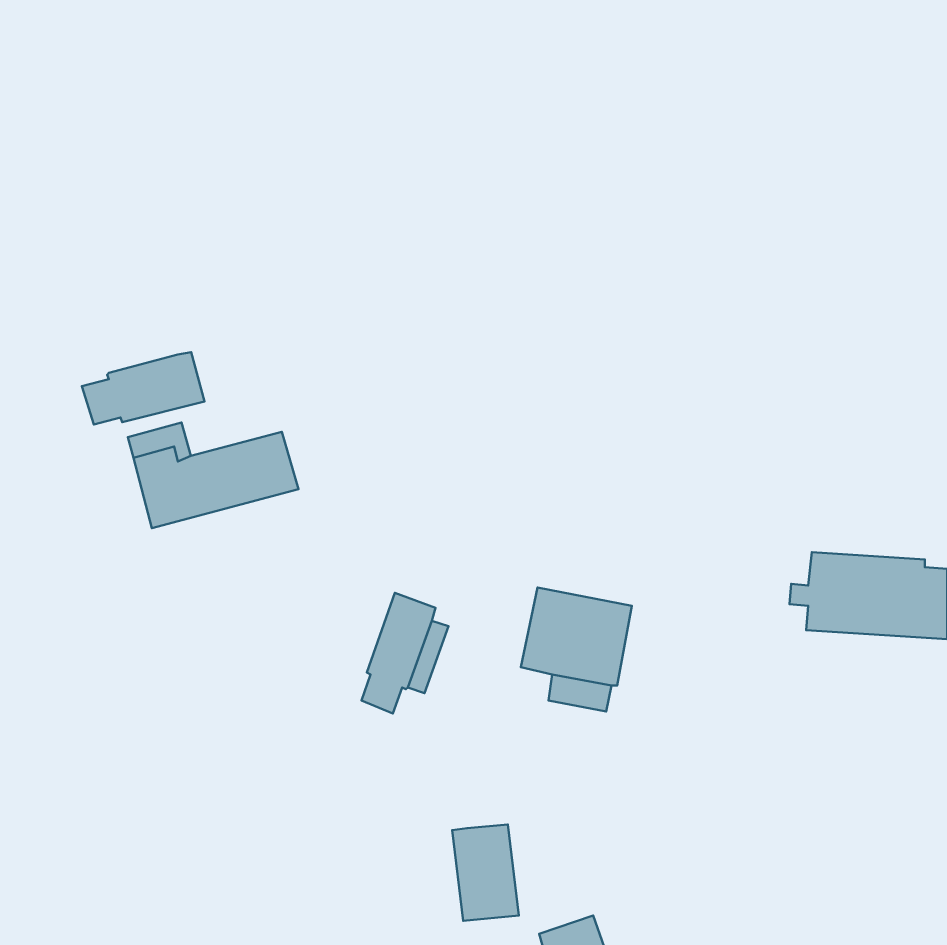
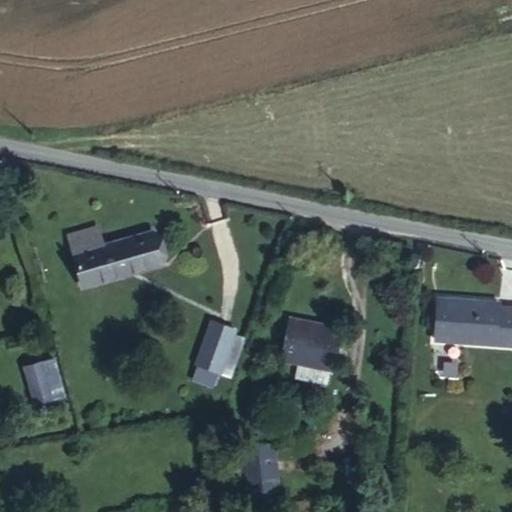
building: [82,352,204,425] -> none
building: none -> [26,359,64,404]

